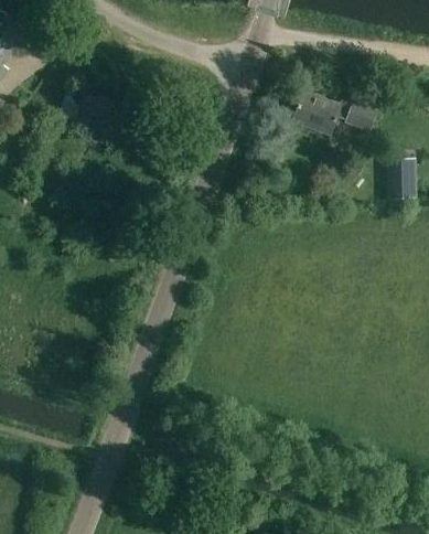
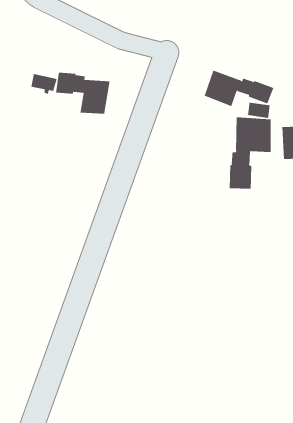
building: none -> [55,72,110,114]
building: none -> [229,117,271,190]

